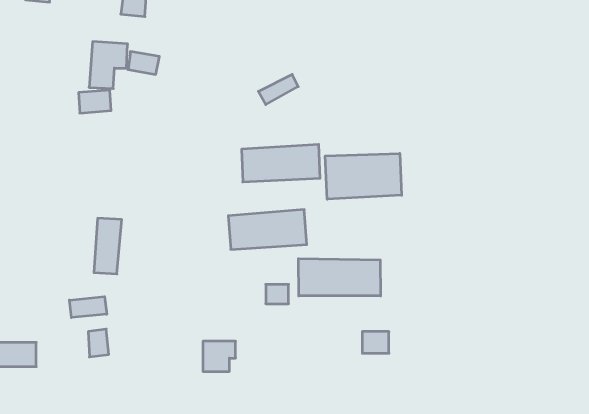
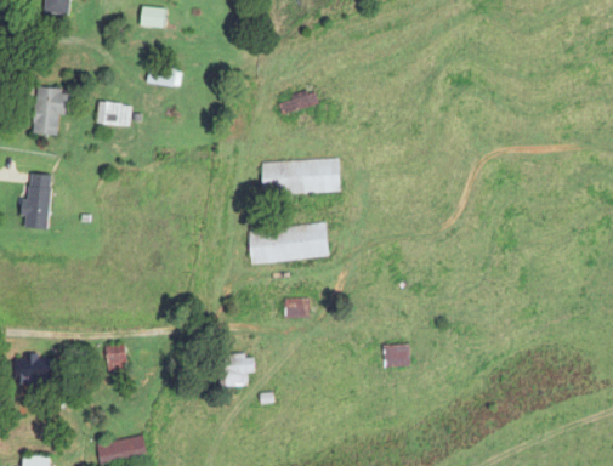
building: [89,42,128,89] -> [33,87,72,135]
building: [325,153,402,199] -> none
building: [94,218,122,274] -> [24,174,52,229]
building: [298,259,381,296] -> none
building: [69,297,107,318] -> none

